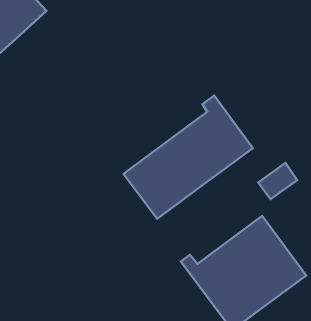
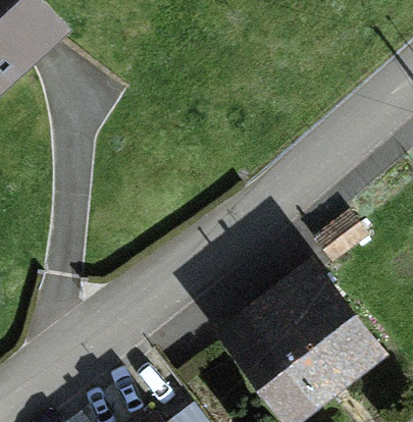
building: [123,95,253,219] -> none

